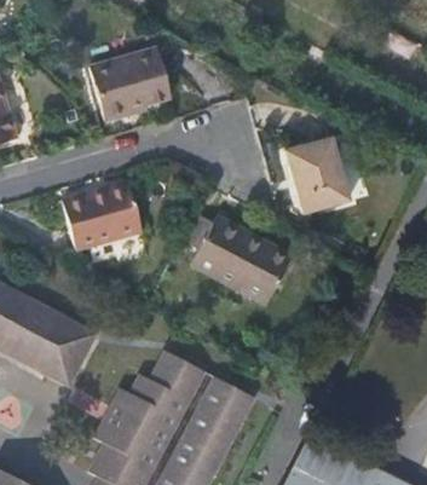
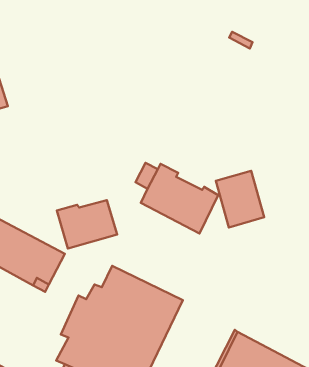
building: [97,39,173,110] -> none
building: [289,142,352,215] -> [216,171,264,227]
building: [64,187,143,250] -> [57,200,117,248]

